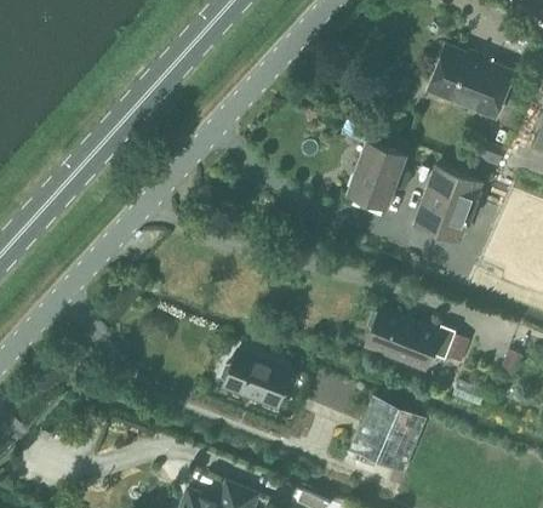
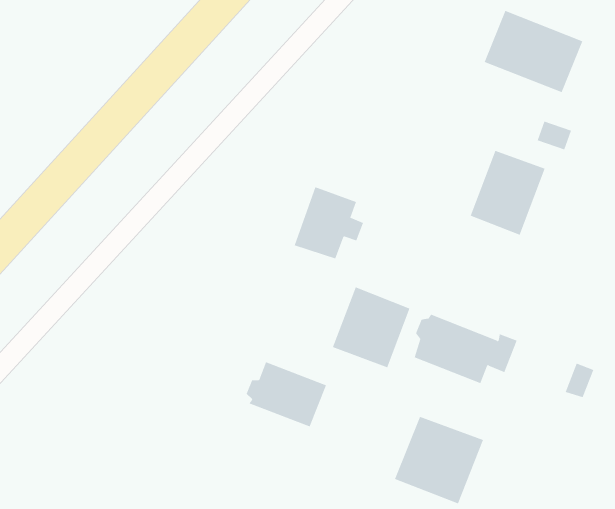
building: [350,142,411,205] -> [294,187,364,259]
building: none -> [332,287,410,368]

